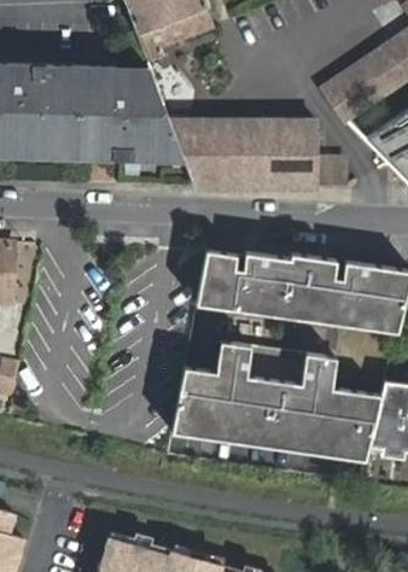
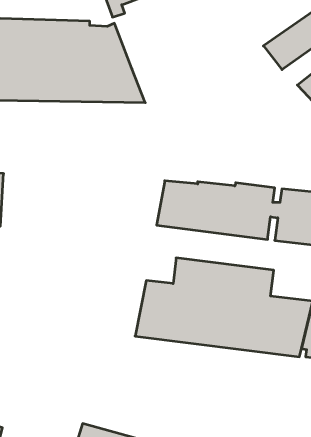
building: [169,122,350,187] -> none

